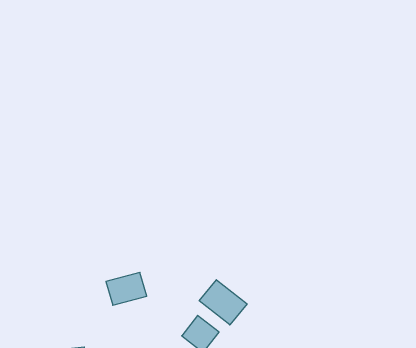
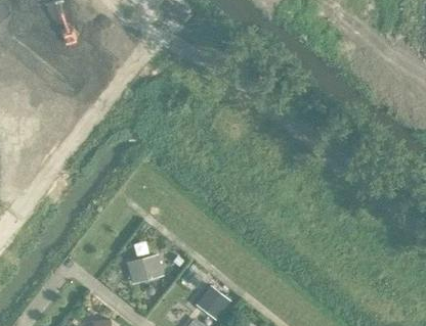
building: [199,280,247,325] -> none

